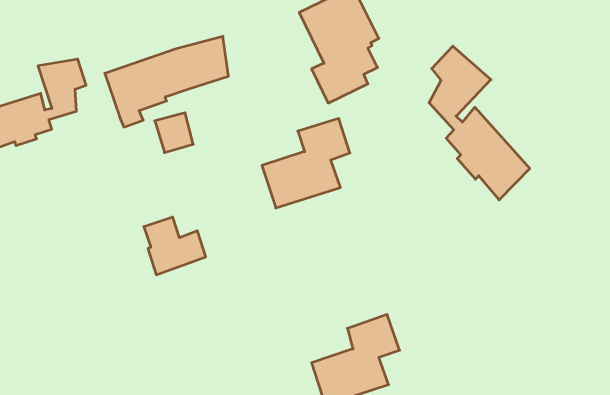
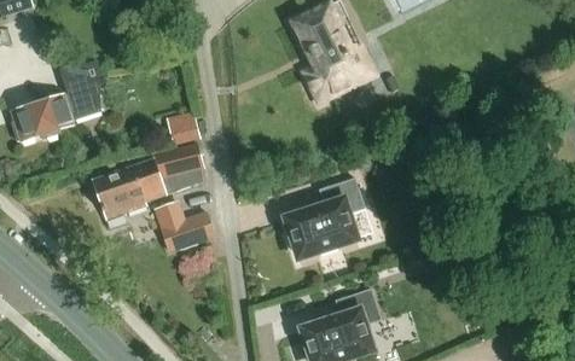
building: [105,36,228,127] -> [92,149,201,228]
building: [429,46,530,200] -> none
building: [262,119,350,208] -> [286,177,364,256]

